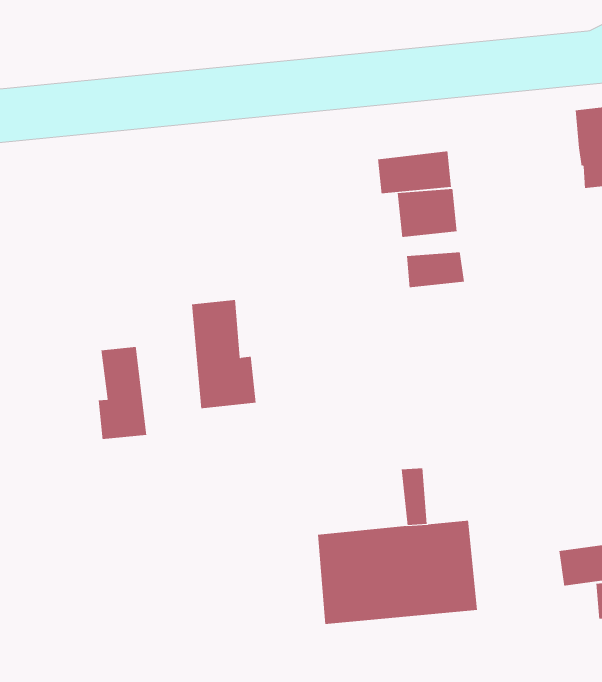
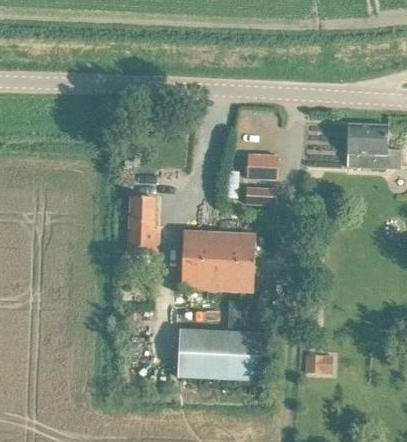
building: [377,150,452,194] -> none
building: none -> [181,230,255,292]
building: [98,346,147,440] -> none

